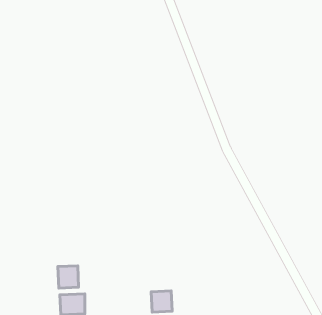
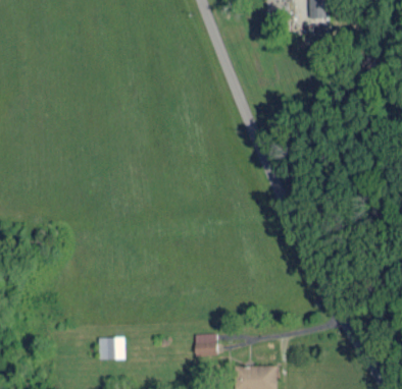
building: [58,266,79,288] -> none

